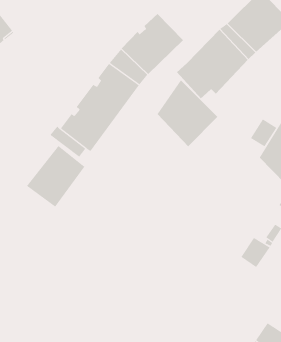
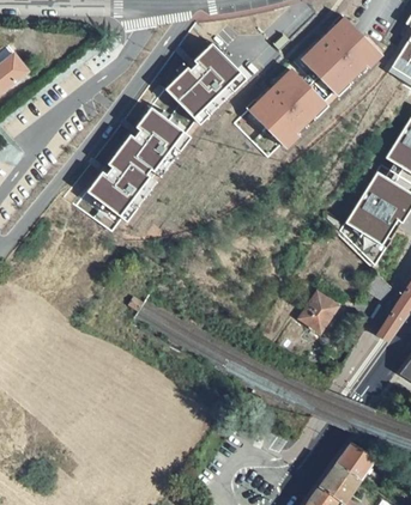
building: [157,80,218,147] -> none
building: [250,119,277,147] -> none
building: [26,145,85,207] -> none
building: [241,237,271,268] -> [300,292,338,331]

